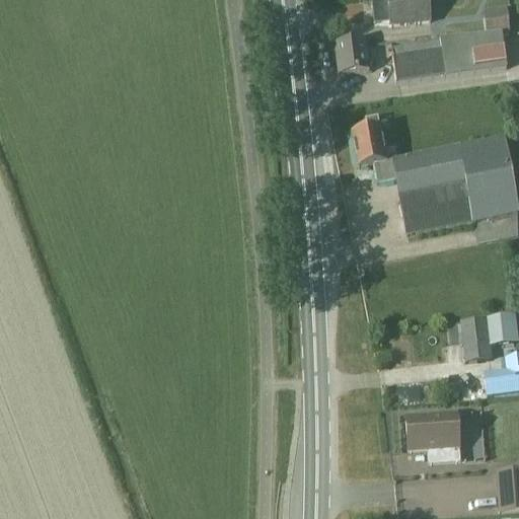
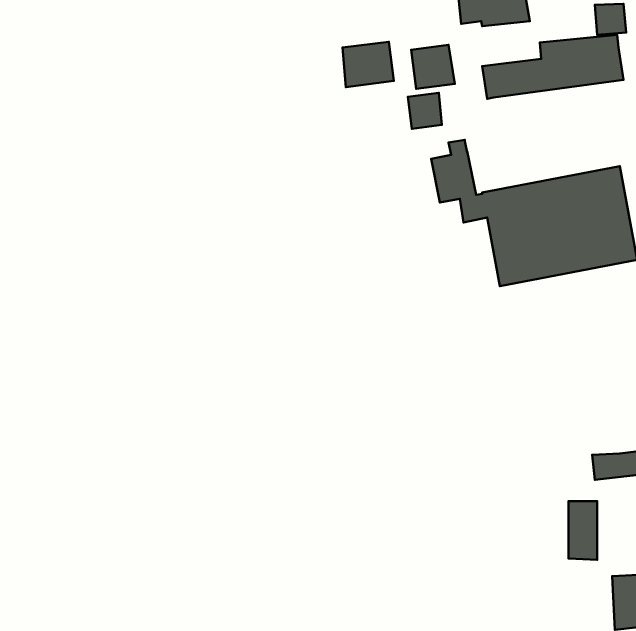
building: none -> [342,42,394,87]
building: none -> [408,93,442,129]
building: [463,315,514,358] -> none
building: [404,411,461,461] -> none

